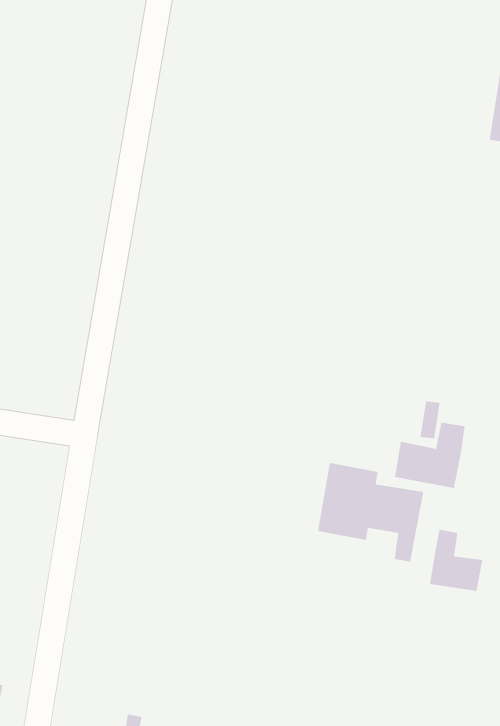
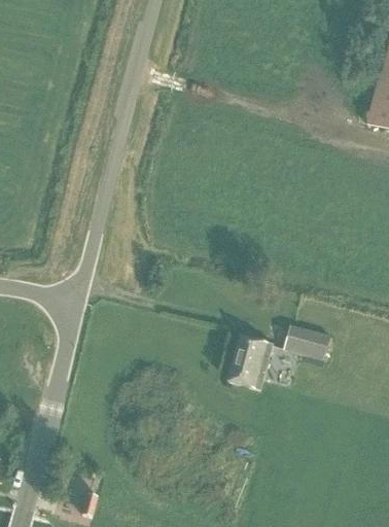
building: [429,529,483,592] -> none

